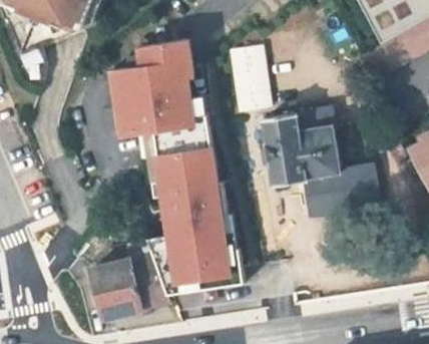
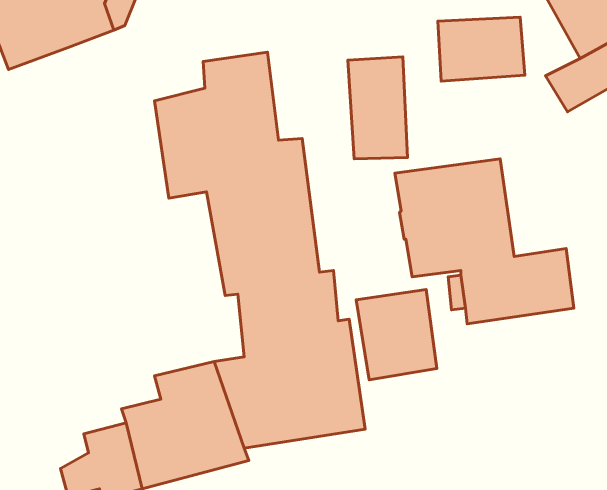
building: none -> [438,17,525,81]
building: none -> [356,290,437,380]

